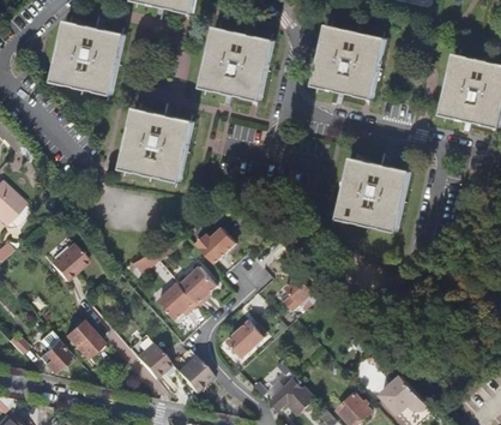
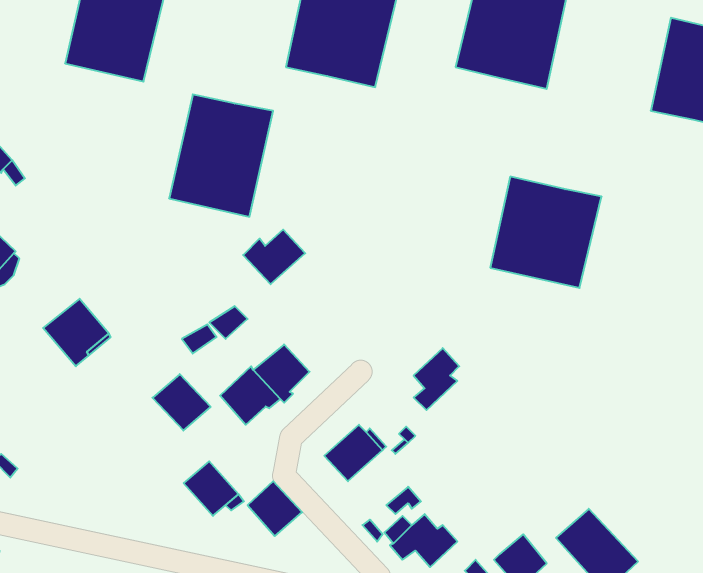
building: [195,227,236,263] -> [243,230,305,284]
building: [62,322,101,359] -> [152,374,211,431]
building: [36,333,68,373] -> none

